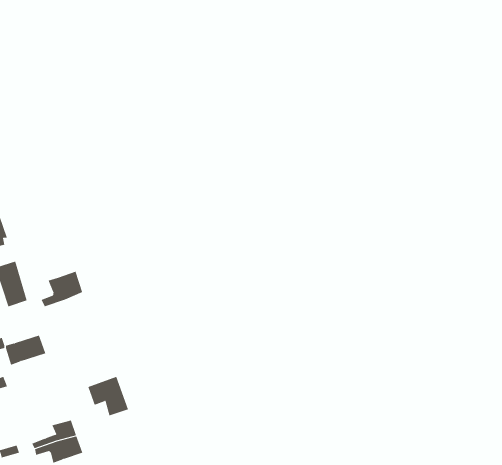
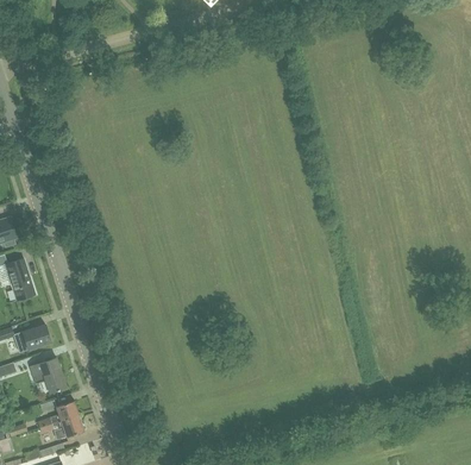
building: [41,271,83,307] -> none
building: [88,376,129,416] -> [30,357,67,392]

